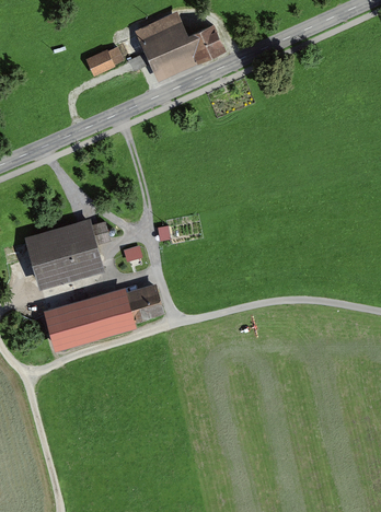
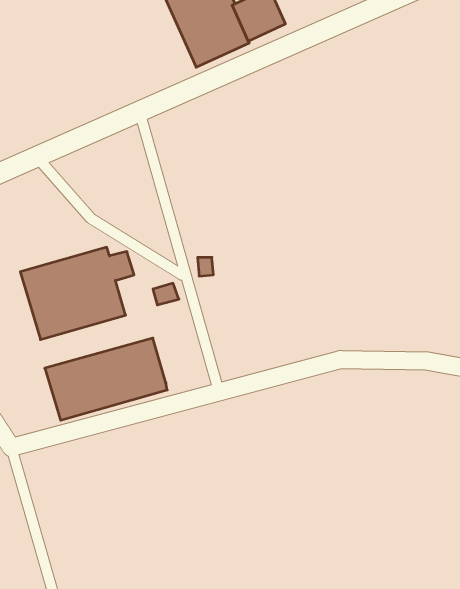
building: [85,47,124,78] -> none
building: [126,283,164,322] -> none

